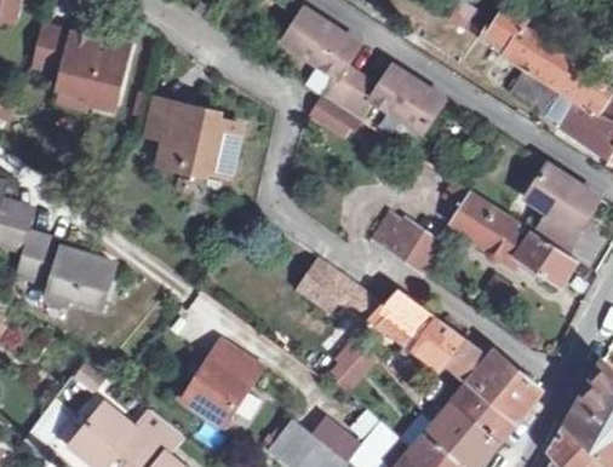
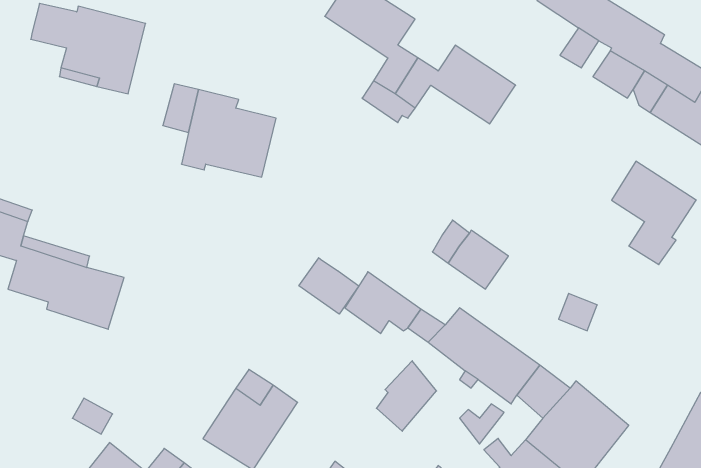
building: [447,184,575,286] -> none
building: none -> [299,258,359,314]

